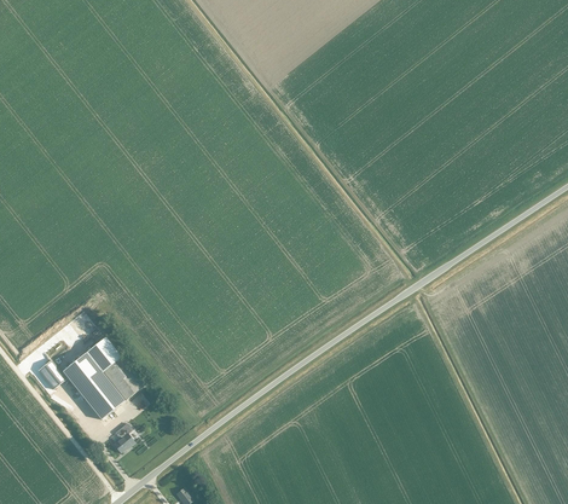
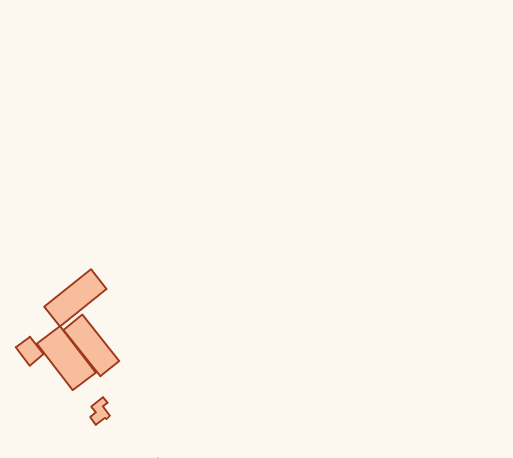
building: none -> [44,269,107,326]

